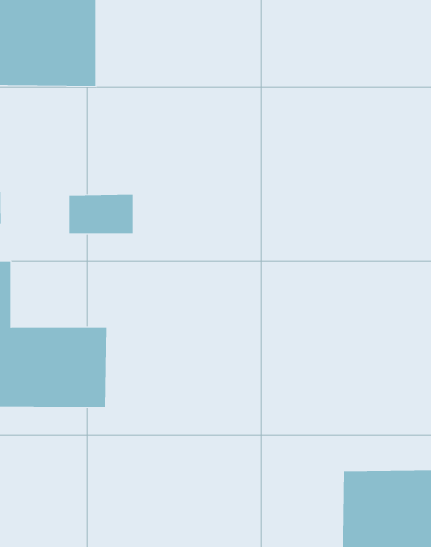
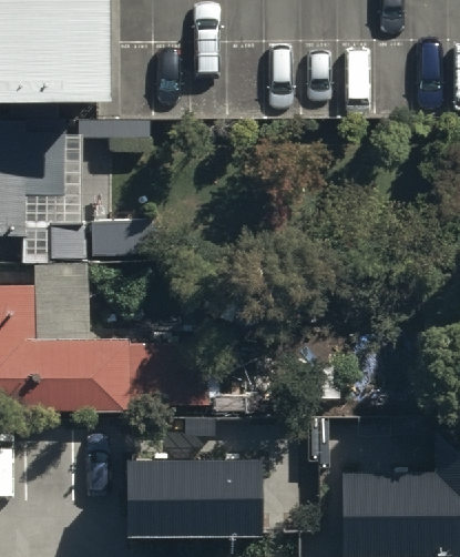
building: none -> [127,458,264,535]

